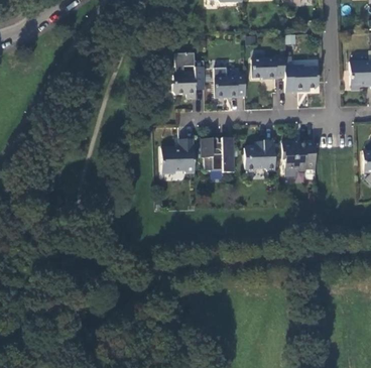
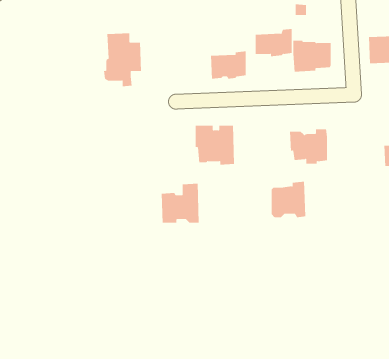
building: [171,52,205,99] -> [103,33,142,87]
building: [161,138,195,172] -> [161,183,200,223]
building: [245,139,275,170] -> [271,181,306,218]

